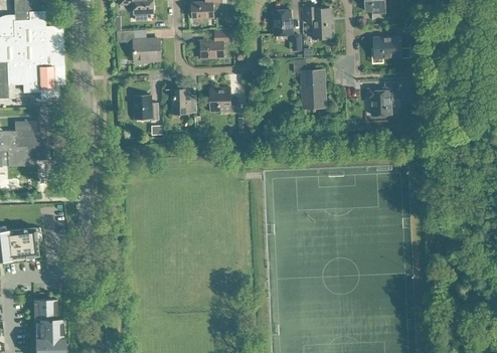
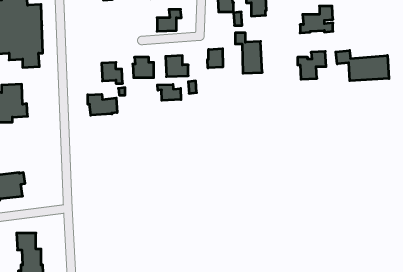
building: [116,30,159,61] -> none
building: none -> [208,49,223,68]
building: none -> [336,50,389,81]
building: none -> [157,84,181,100]
building: none -> [88,94,117,115]

